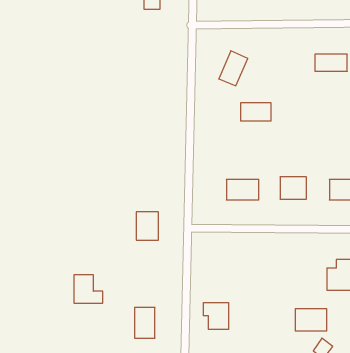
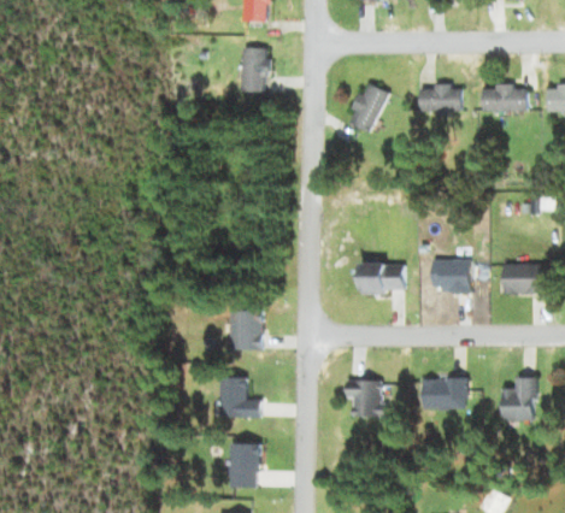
building: none -> [243,47,267,92]
building: [241,103,271,121] -> [419,86,463,111]
building: [74,275,103,303] -> [219,377,260,417]
building: [203,303,229,329] -> [347,379,383,417]
building: [295,309,327,331] -> [422,378,466,409]

